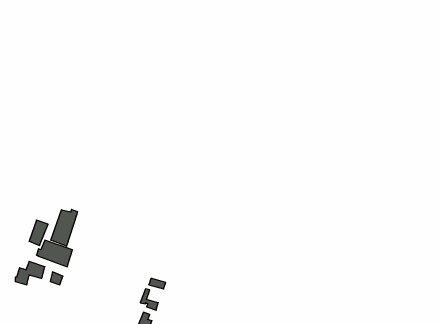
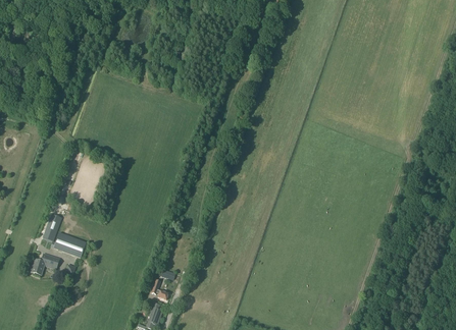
building: [51,209,78,246] -> none

